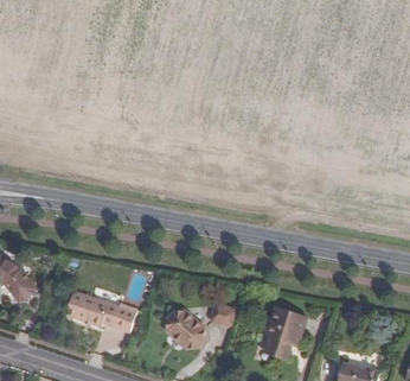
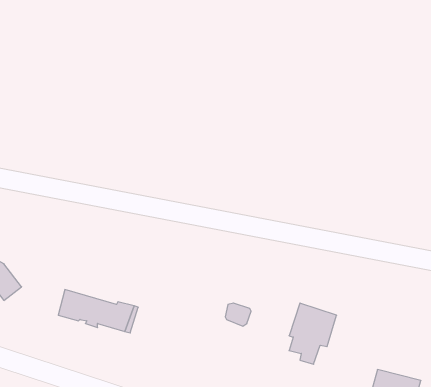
building: [165,307,204,345] -> none

